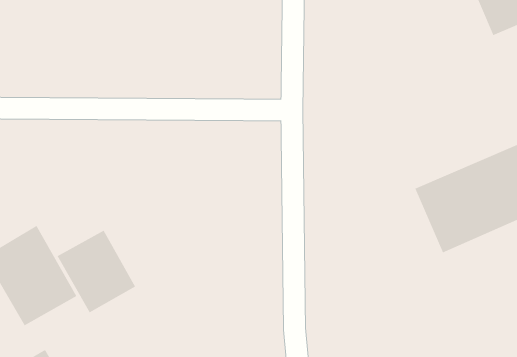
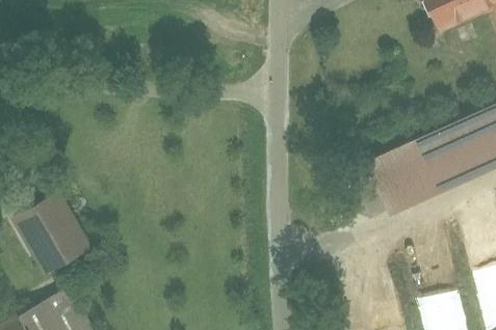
building: [57,230,136,313] -> none

